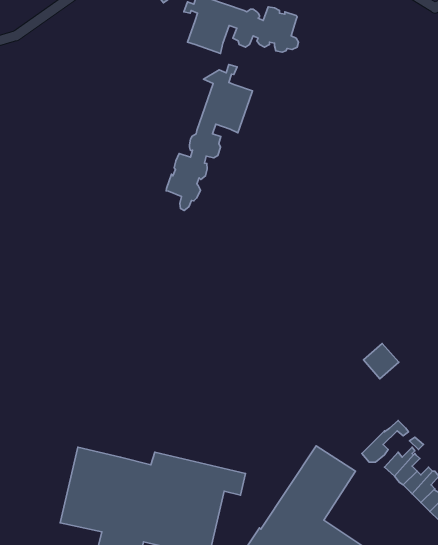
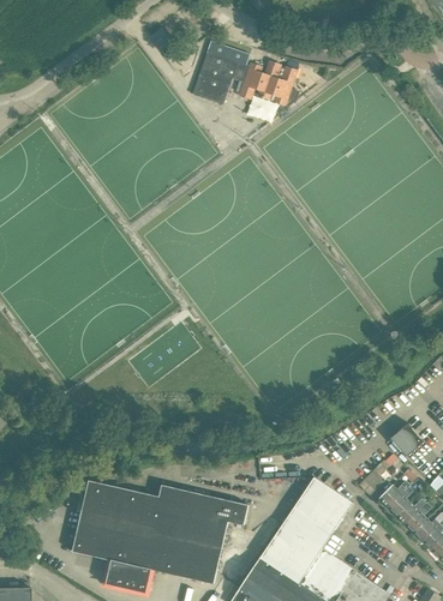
building: [166,64,253,210] -> none
building: [363,343,399,379] -> [390,423,424,457]

